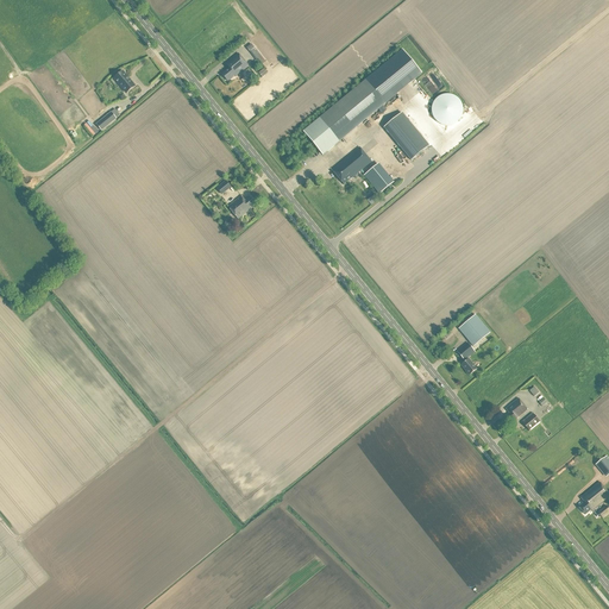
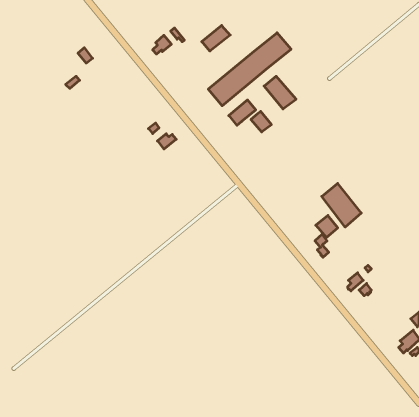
building: none -> [202,25,230,51]
building: [431,93,463,124] -> none
building: none -> [322,183,361,227]

